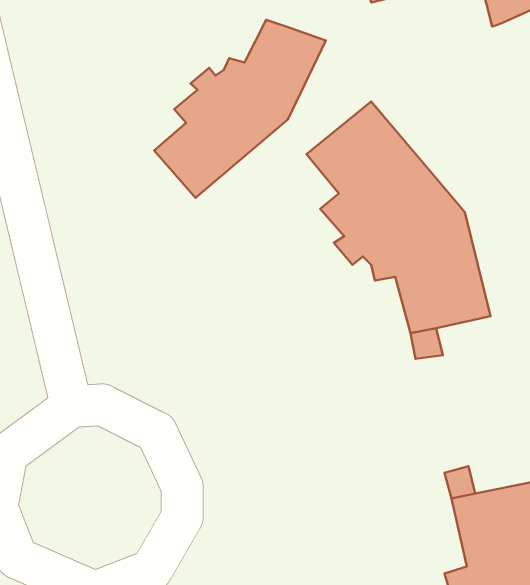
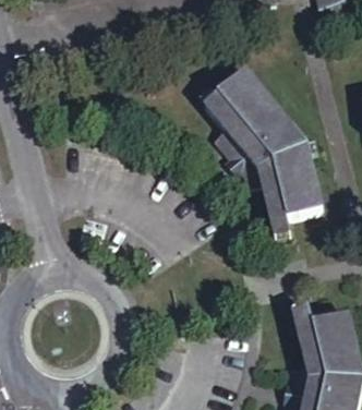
building: [154,20,326,198] -> none

